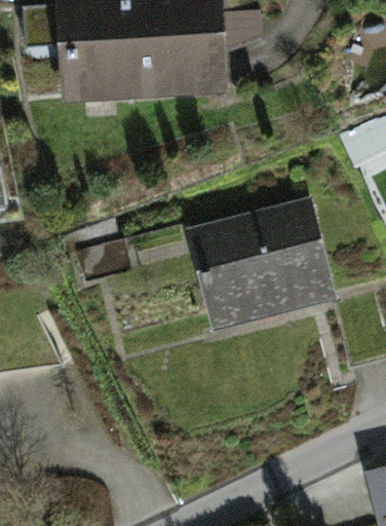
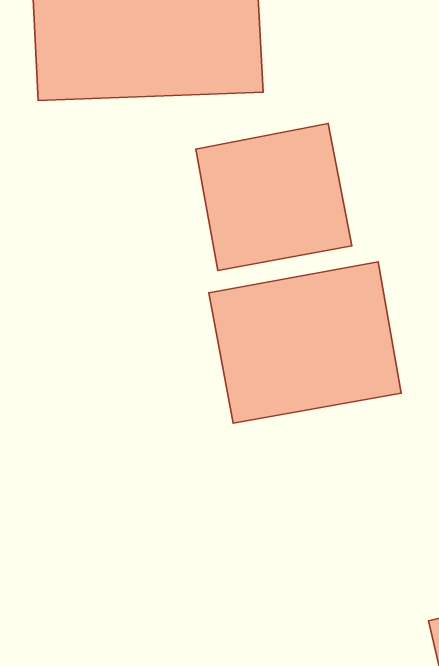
building: none -> [196,124,352,271]

